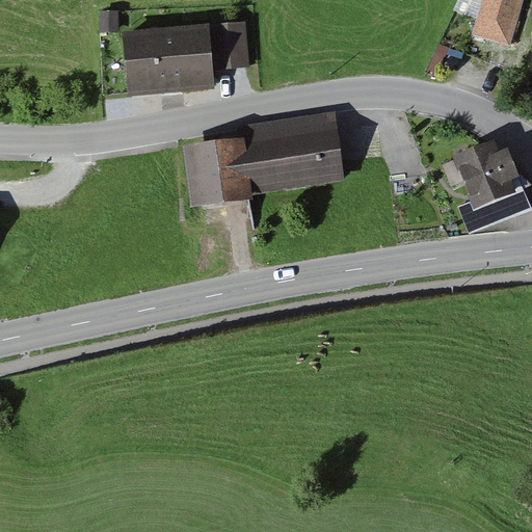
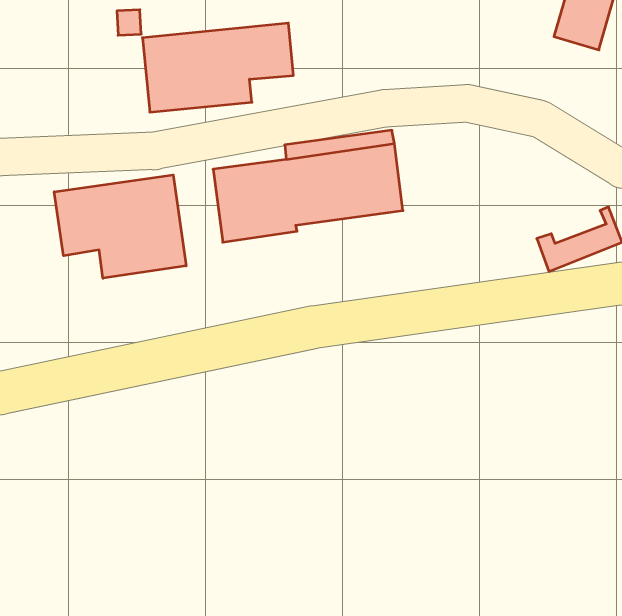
building: [454,140,520,208] -> none
building: none -> [54,175,186,278]

